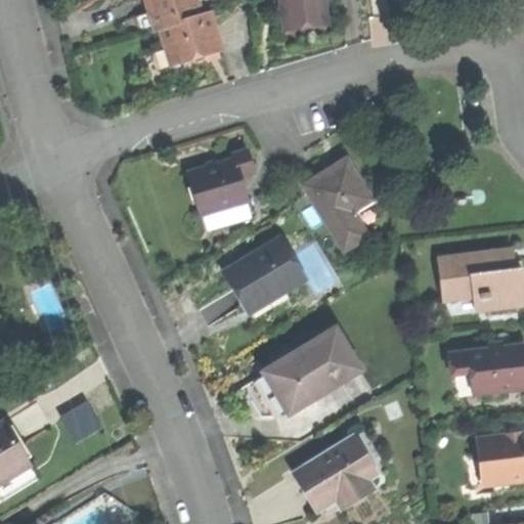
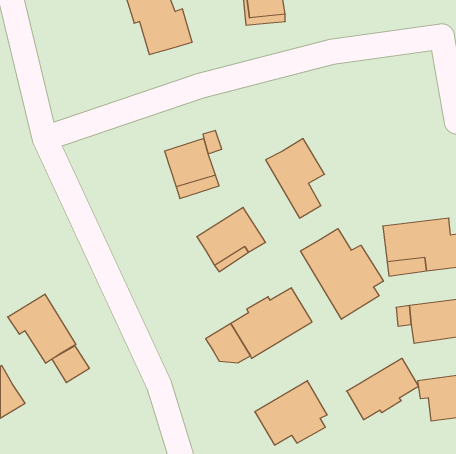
building: none -> [300,229,383,319]
building: none -> [8,294,76,363]
building: none -> [346,358,418,420]

